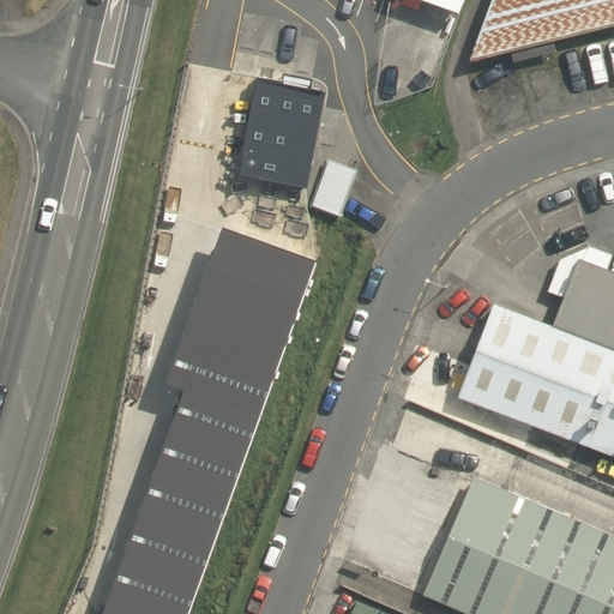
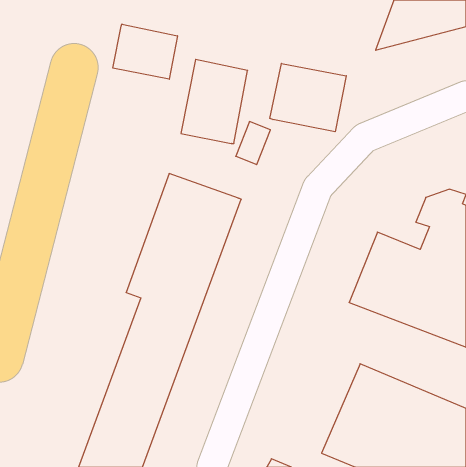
building: none -> [113,24,177,79]
building: none -> [270,63,346,132]

